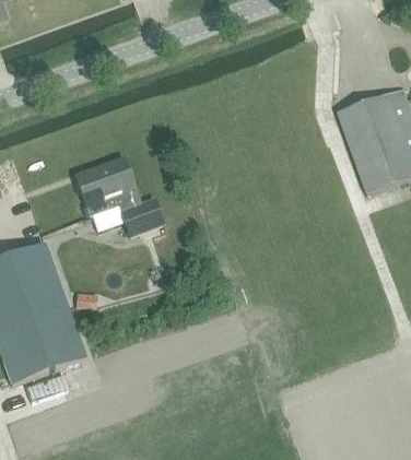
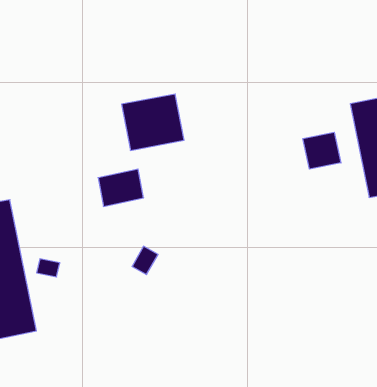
building: none -> [303,132,341,169]
building: [74,157,136,214] -> [122,94,184,150]

